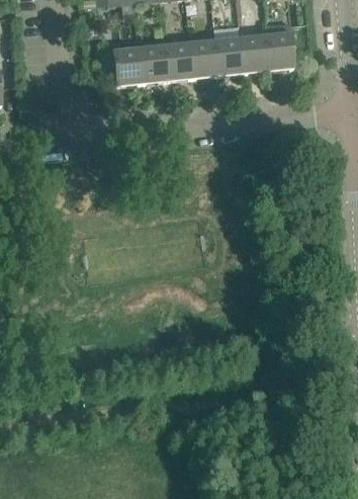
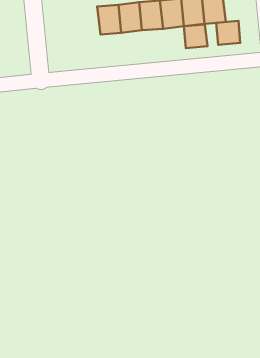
building: [112,48,142,85] -> none
building: none -> [216,21,240,45]
building: none -> [184,24,208,48]

